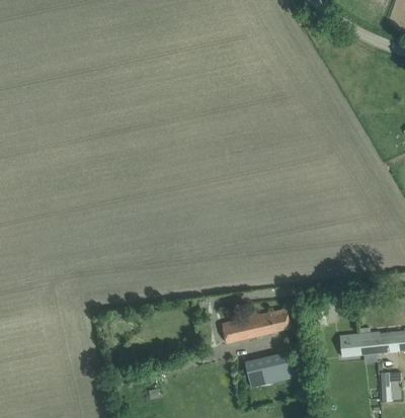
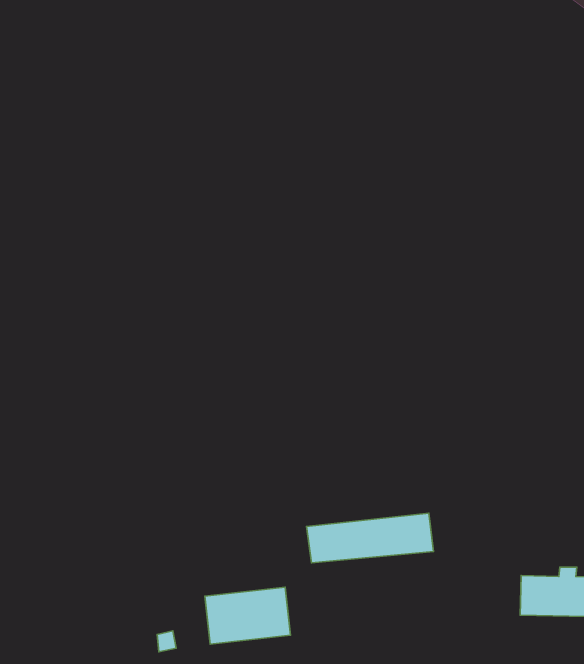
building: [246,350,295,386] -> [205,587,291,644]

